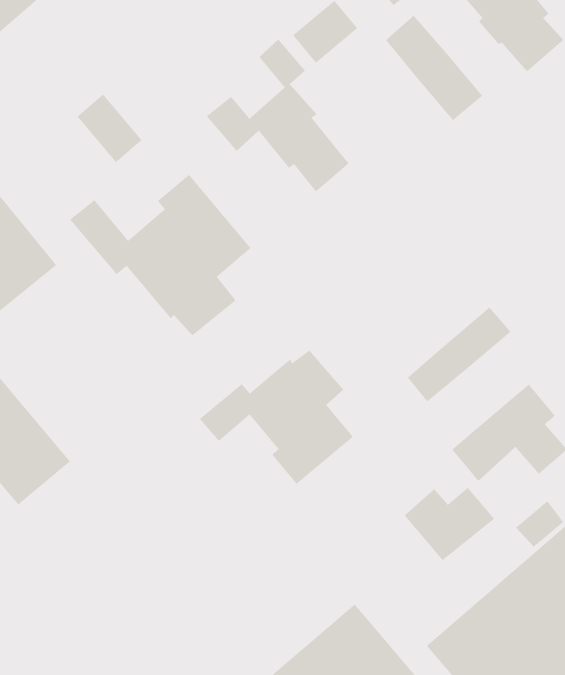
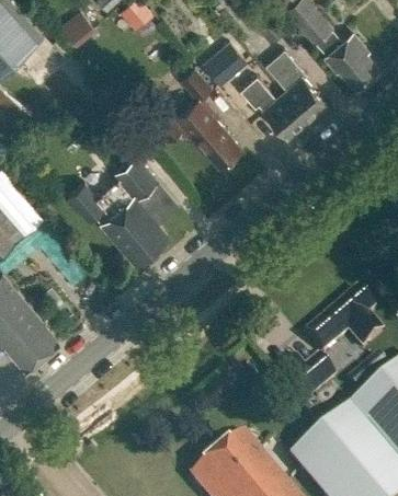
building: none -> [240,78,307,139]
building: [77,93,143,163] -> none
building: [407,306,511,403] -> none
building: [199,349,354,485] -> none

